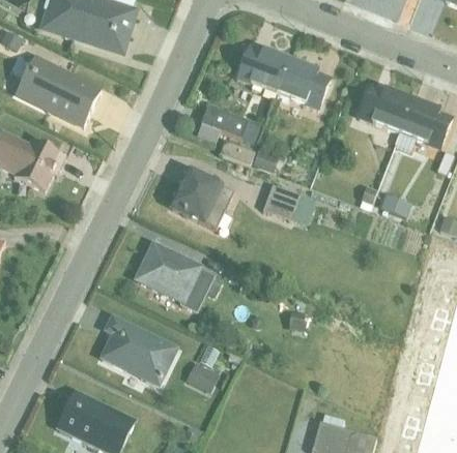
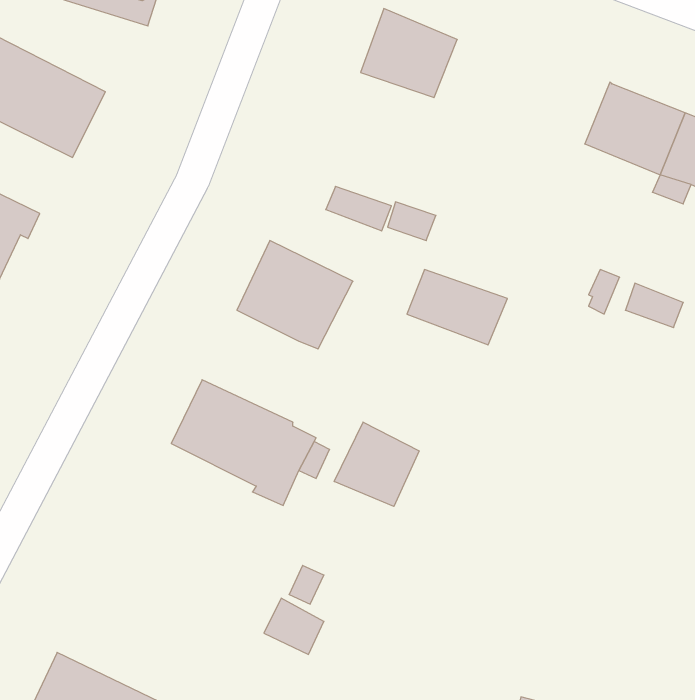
building: [278,62,331,108] -> none
building: [197,104,263,143] -> none
building: none -> [334,422,419,506]
building: [102,315,178,385] -> none

